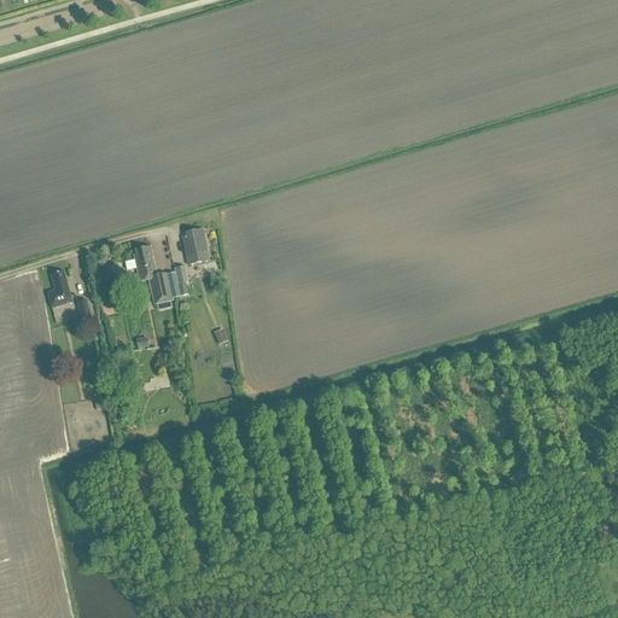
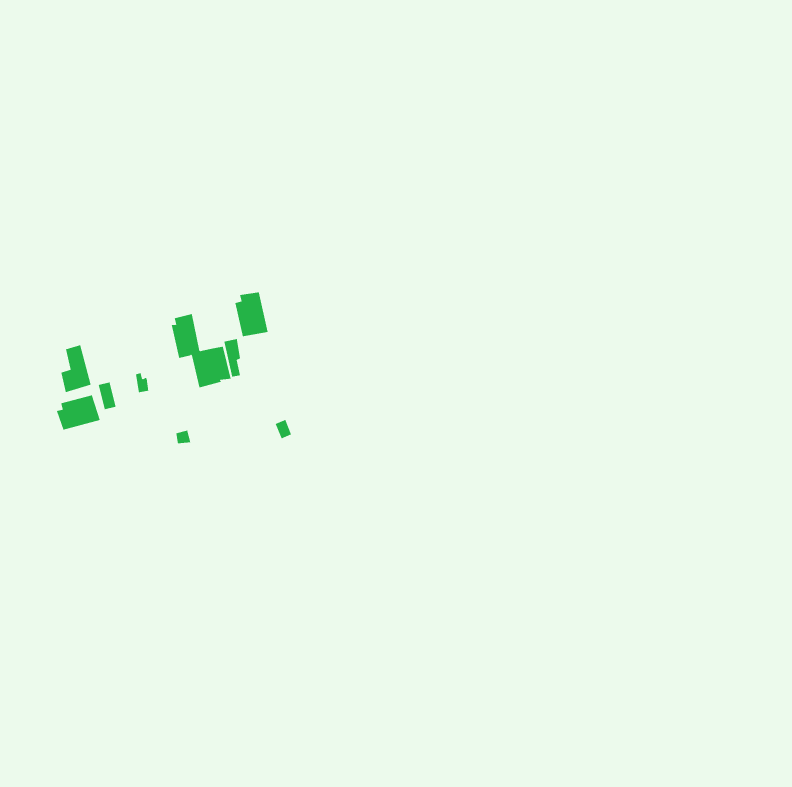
building: none -> [56,394,101,430]

